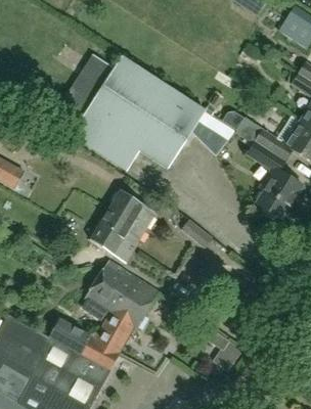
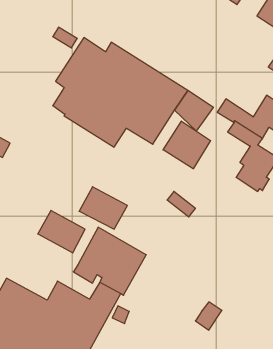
building: none -> [163,121,211,169]
building: [102,189,153,235] -> [38,210,85,253]

